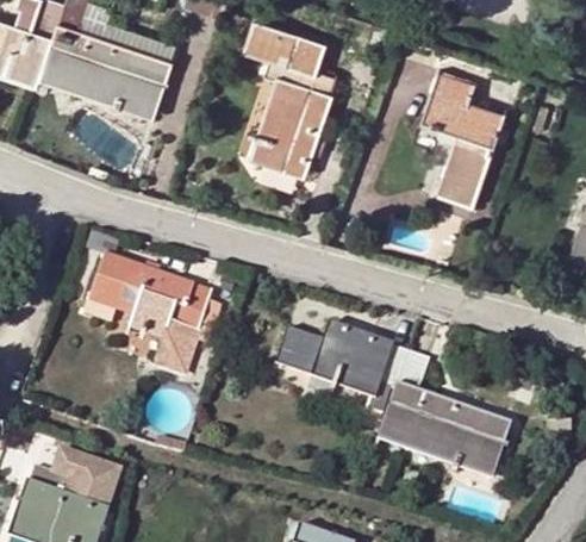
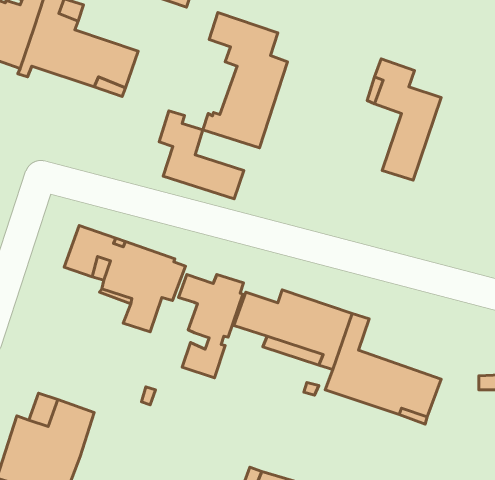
building: none -> [159,111,244,199]
building: none -> [178,274,244,378]

